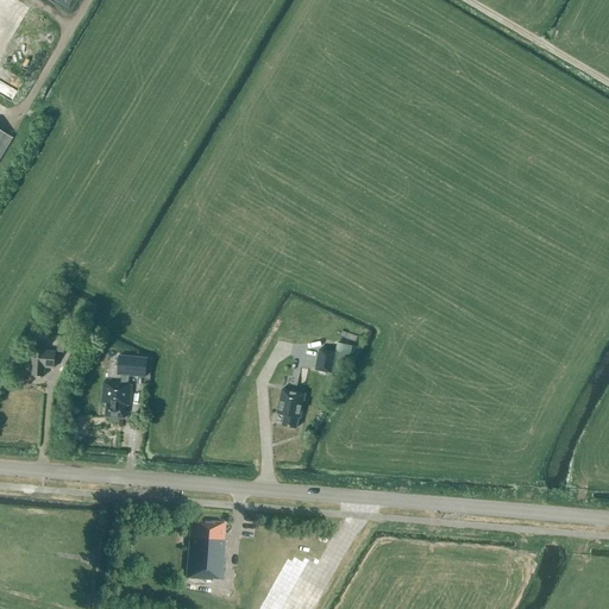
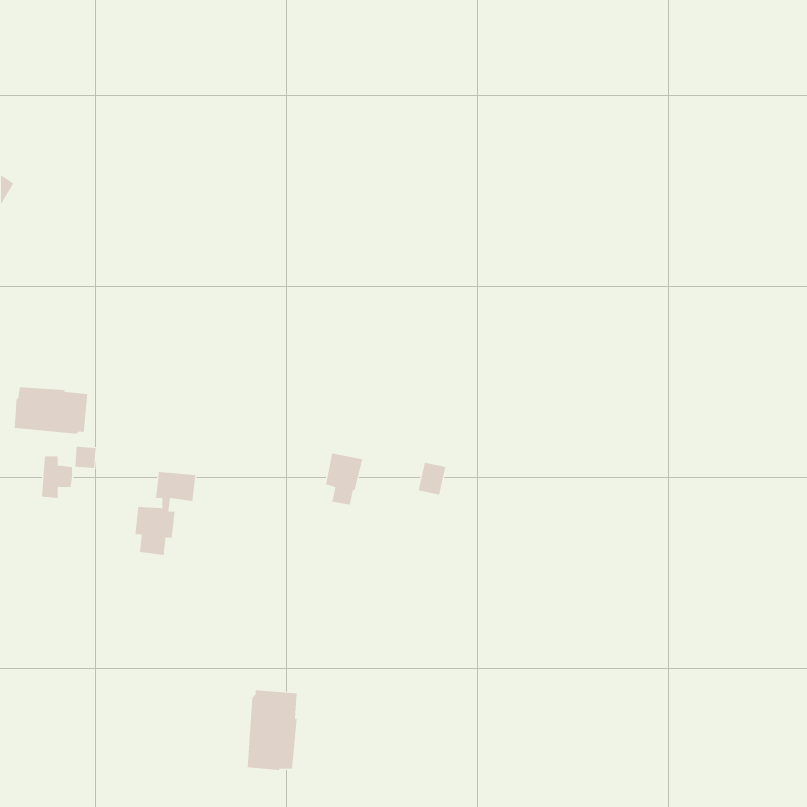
building: none -> [14,386,88,434]
building: [278,388,307,427] -> [325,453,363,505]

